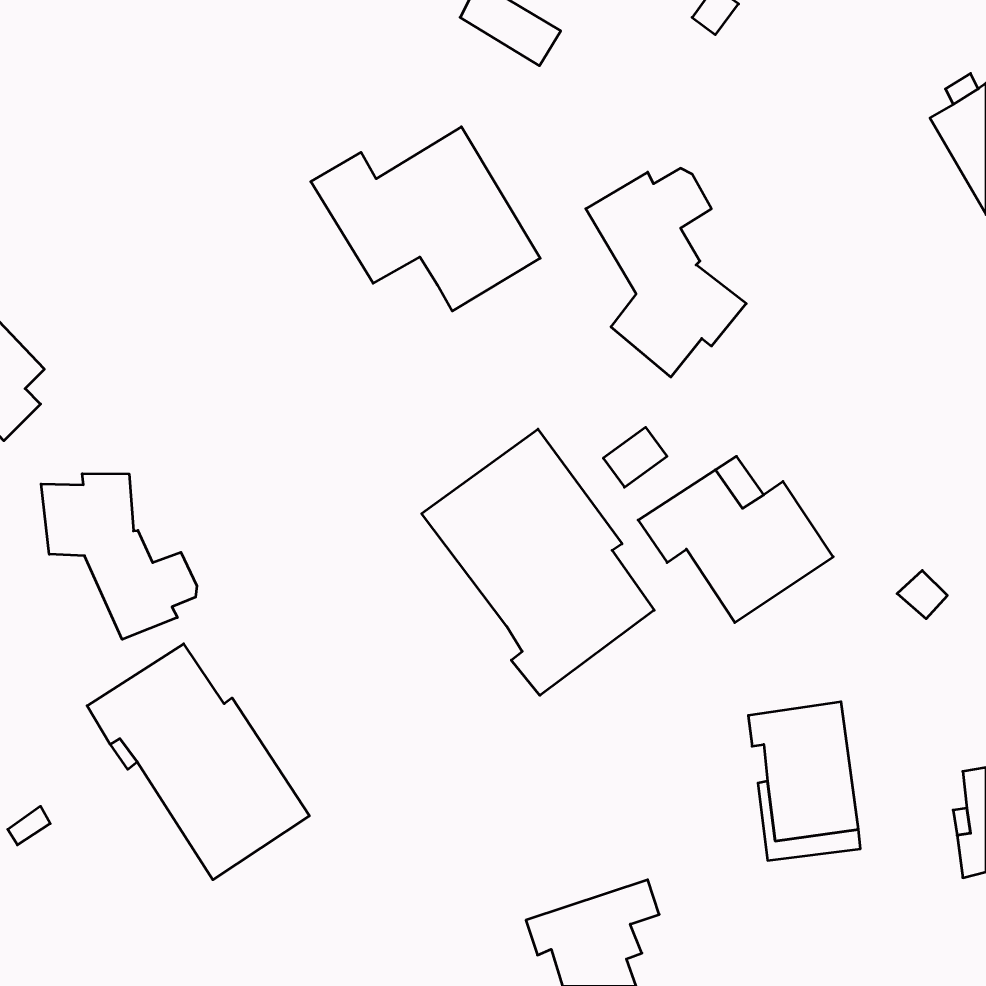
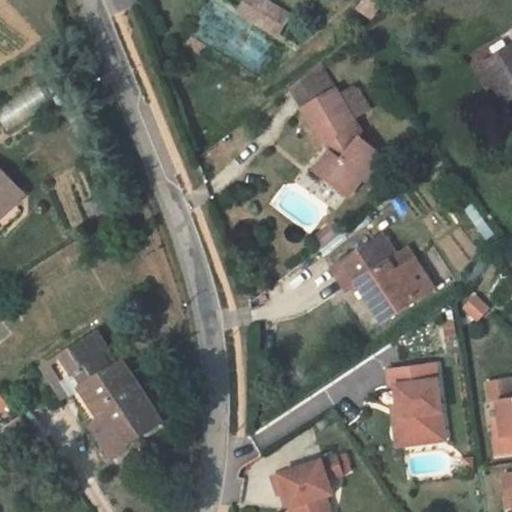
building: none -> [290,64,335,108]
building: [311,127,540,311] -> none
building: [422,429,654,695] -> none
building: [41,474,197,639] -> none

